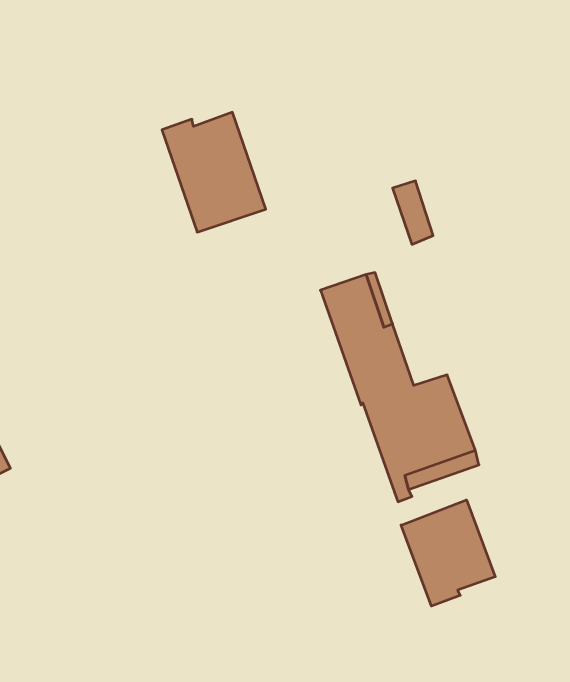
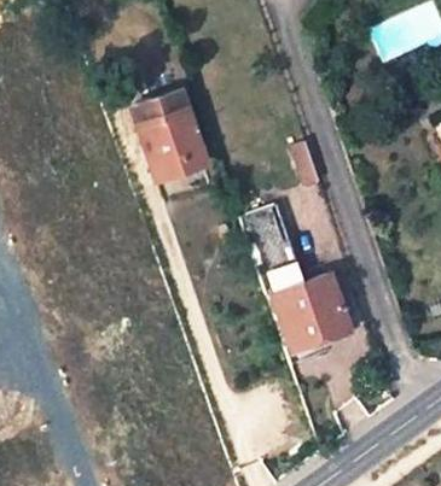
building: [401,500,495,606] -> none

